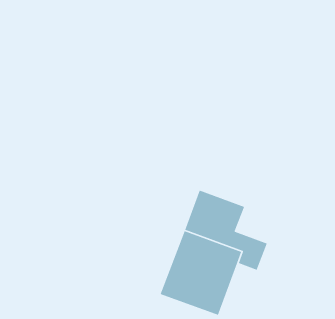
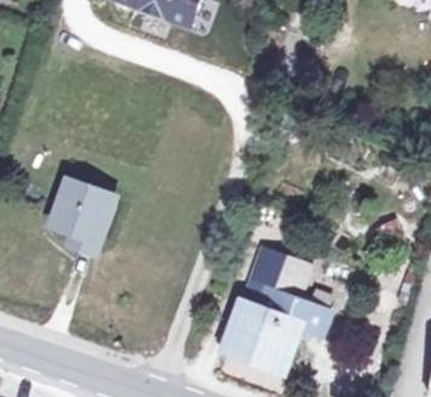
building: none -> [47,181,106,248]

